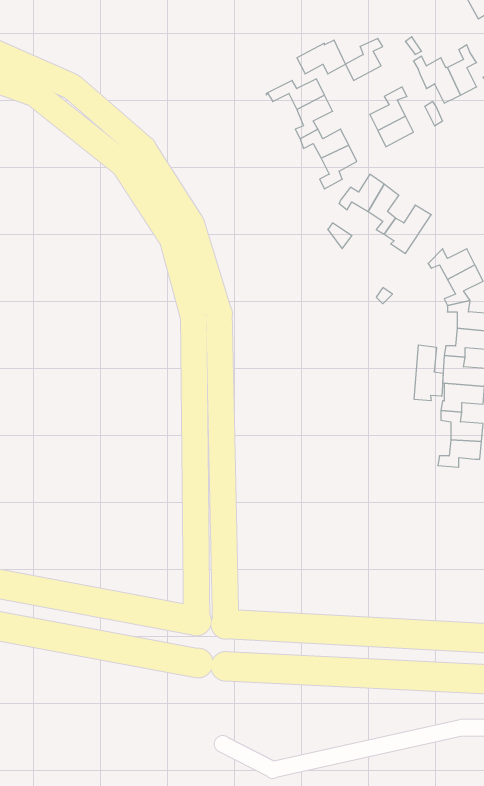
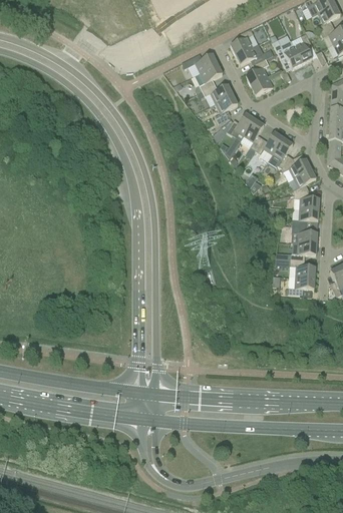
building: [297,40,345,74] -> [236,42,266,63]
building: none -> [268,136,293,166]
building: [414,345,443,401] -> none

